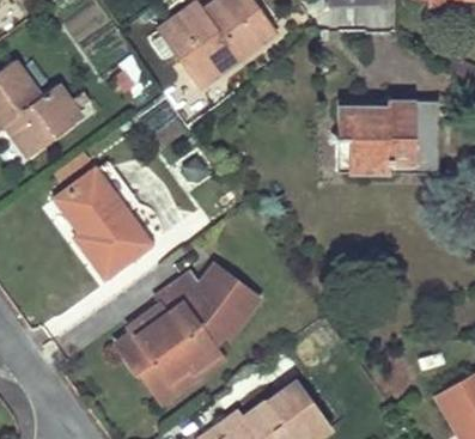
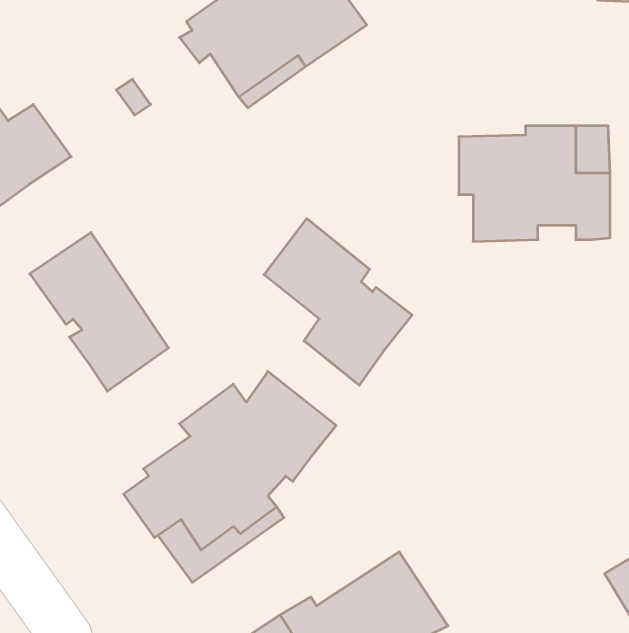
building: none -> [264,219,412,385]

